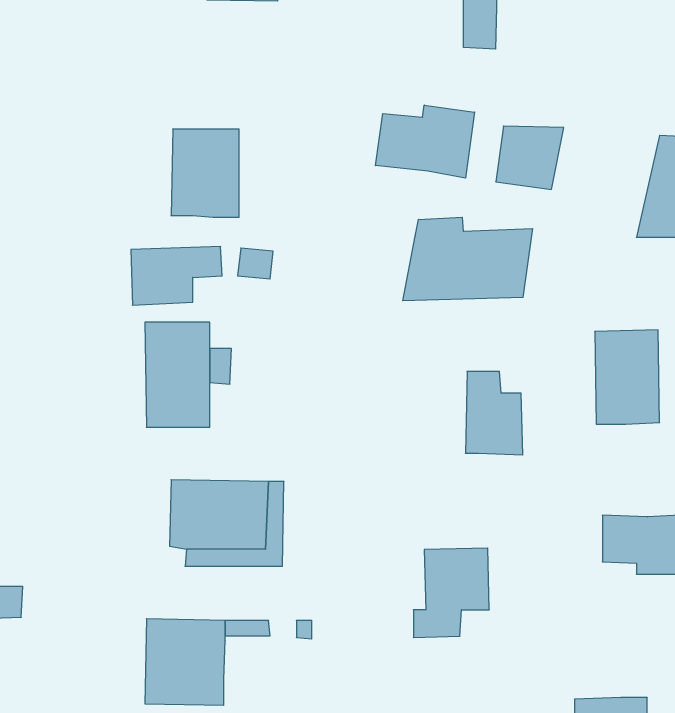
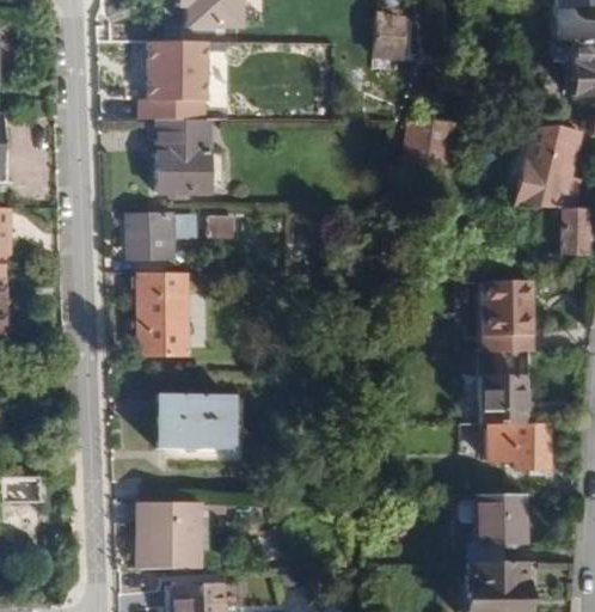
building: none -> [136,37,208,116]
building: [375,105,475,178] -> none
building: [403,217,532,301] -> none
building: [465,371,523,455] -> [480,359,525,423]
building: [413,548,489,638] -> [468,495,527,564]

